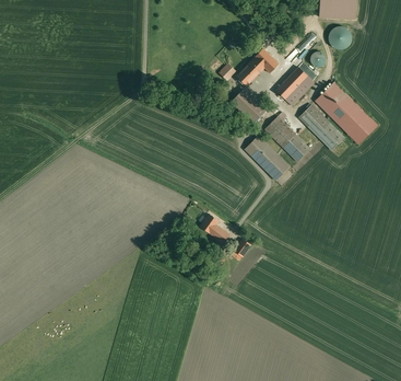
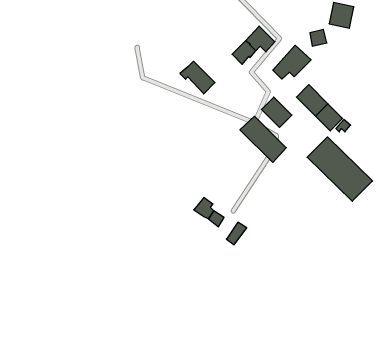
building: [315,82,378,145] -> [307,137,373,201]
building: [233,89,267,120] -> [180,61,215,94]

